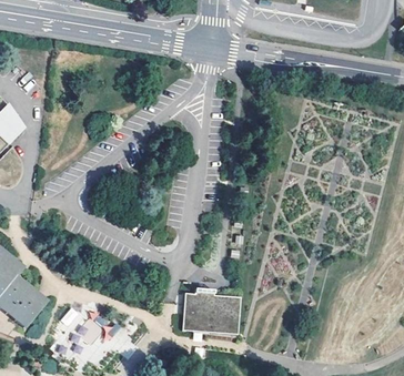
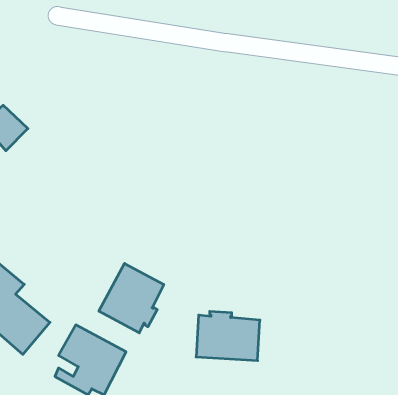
building: none -> [99,263,164,333]

